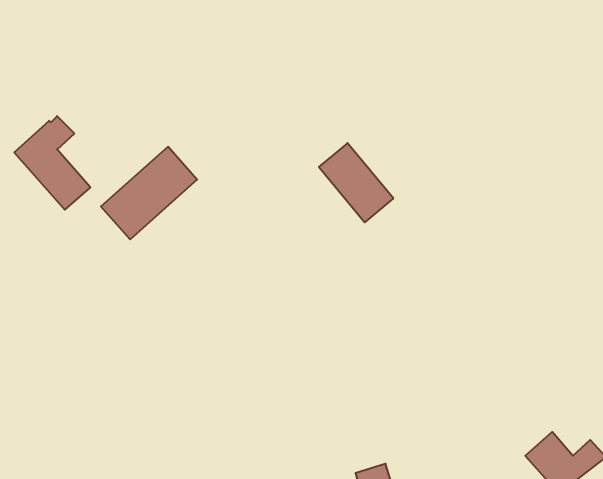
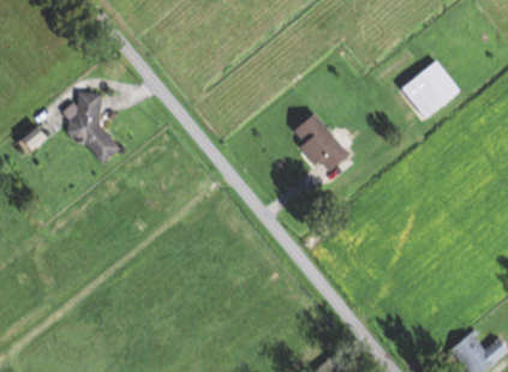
building: none -> [401,60,459,118]
building: [101,147,197,239] -> none

